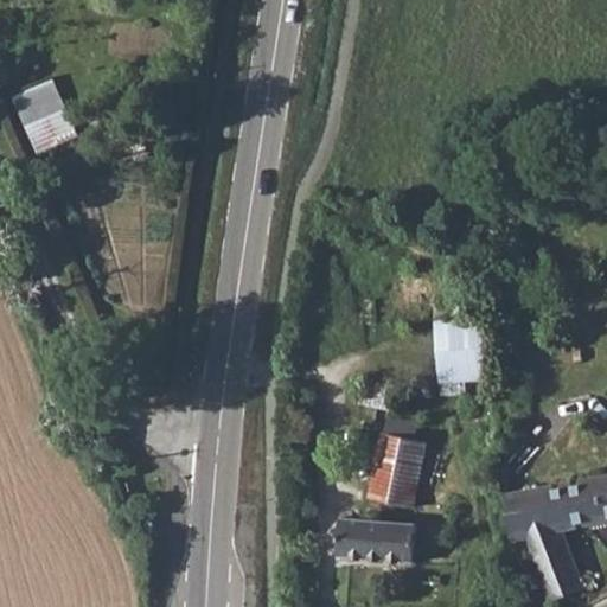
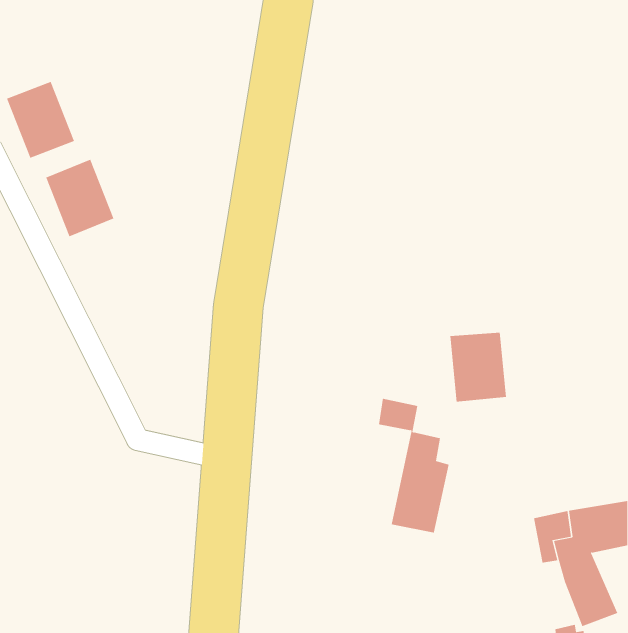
building: none -> [45,159,114,237]
building: [344,520,422,561] -> none

